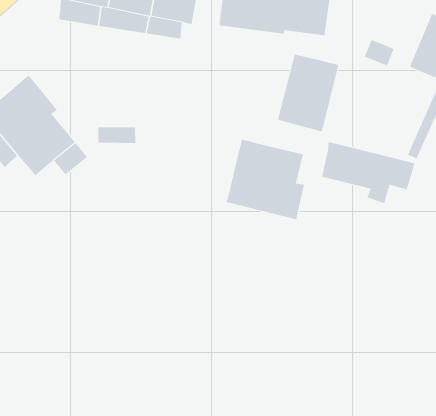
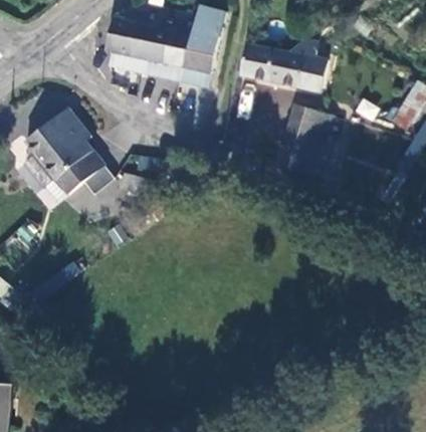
building: [226,139,305,220] -> none
building: [321,141,415,204] -> none

